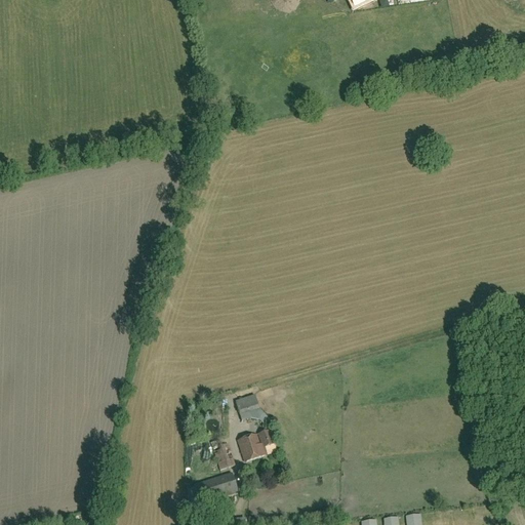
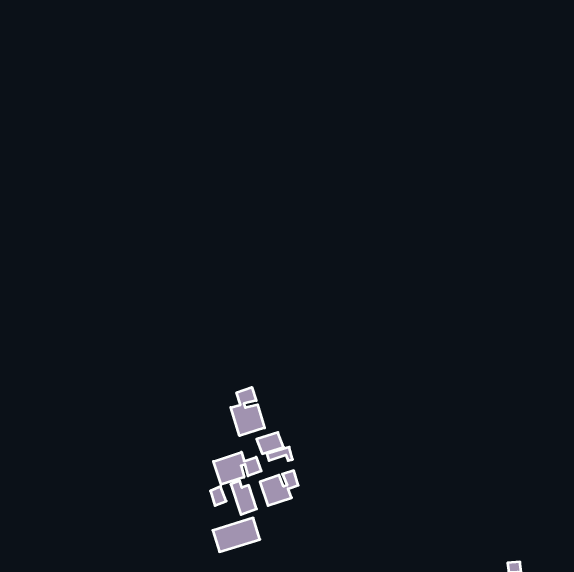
building: none -> [231,387,265,436]
building: none -> [213,452,261,485]

